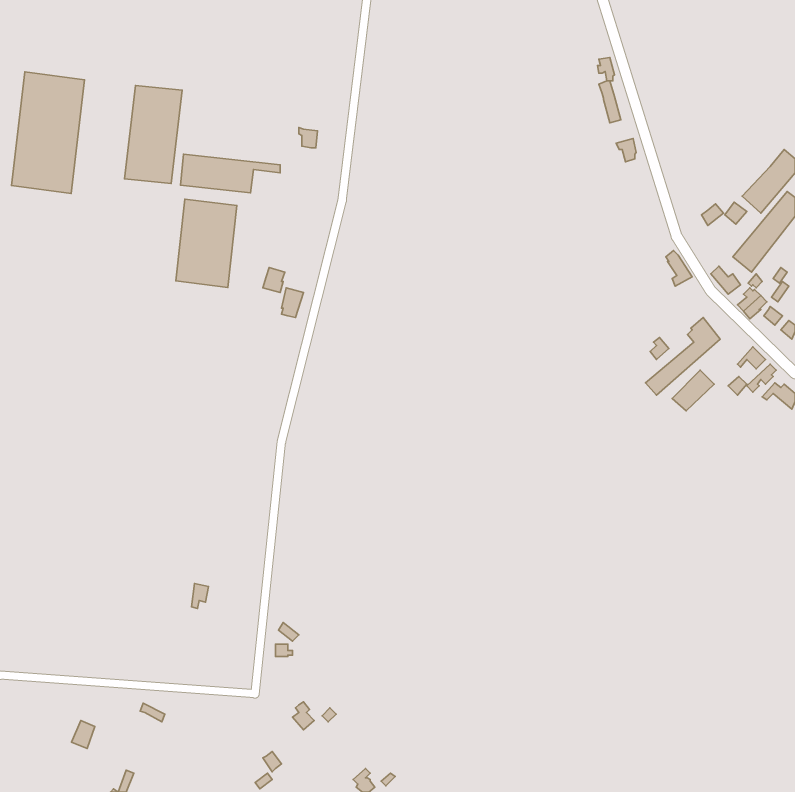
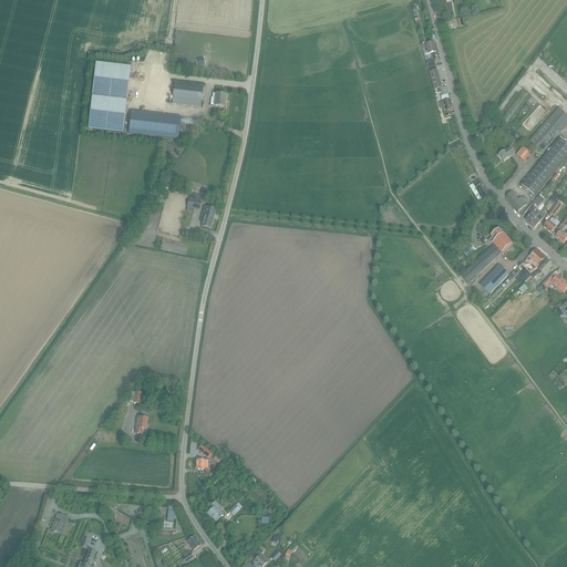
building: [11,72,84,194] -> none
building: none -> [172,84,203,105]
building: [176,199,237,287] -> none

